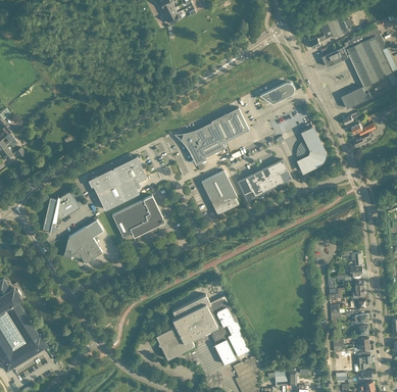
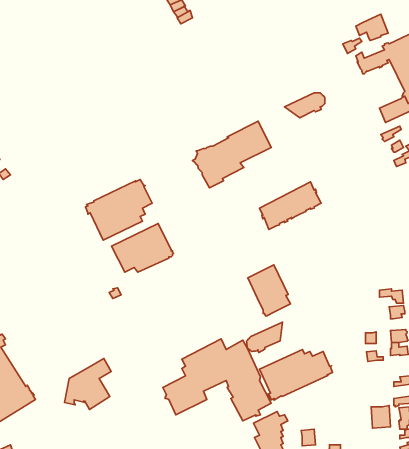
building: [296,126,325,173] -> none
building: [201,170,238,214] -> [248,265,291,316]
building: [42,191,79,234] -> none
building: [62,219,102,263] -> [65,358,111,409]
building: none -> [247,322,282,352]
building: none -> [259,350,332,400]

